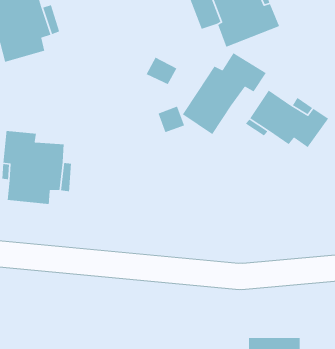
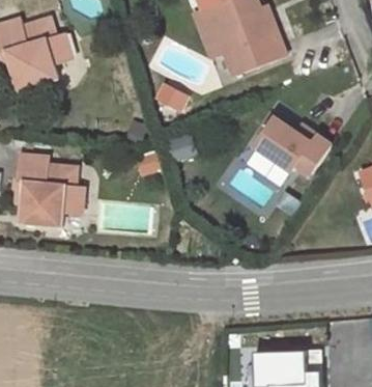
building: [182,52,267,135] -> none

